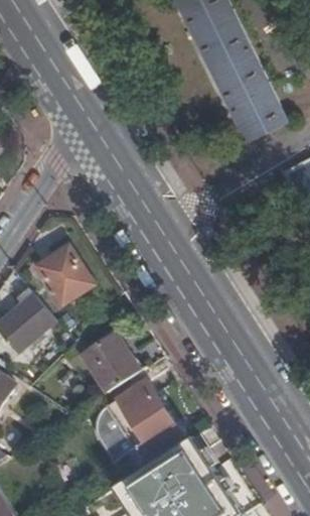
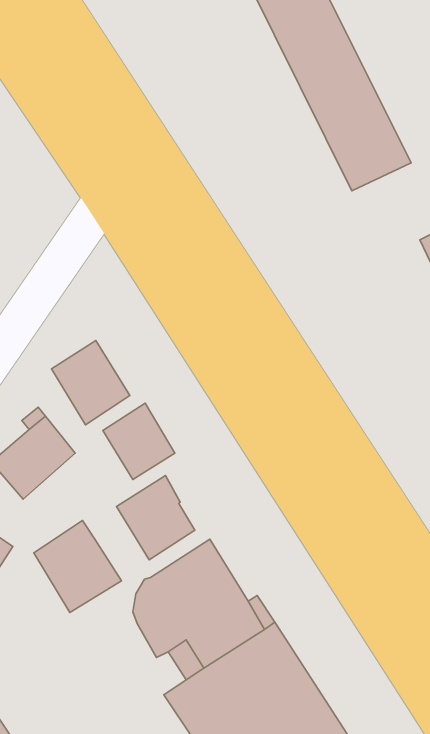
building: none -> [103,403,175,479]
building: none -> [34,521,122,612]

